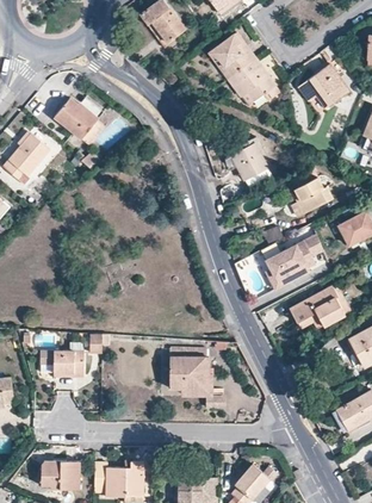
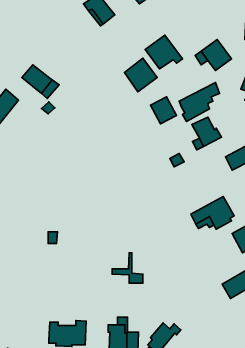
building: [207,30,254,77] -> [124,58,157,92]
building: [264,232,321,287] -> [179,83,220,121]
building: [169,348,204,387] -> none
building: [39,352,83,378] -> none
building: [41,460,79,489] -> none

